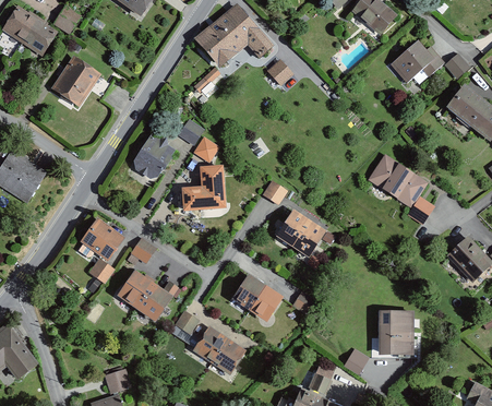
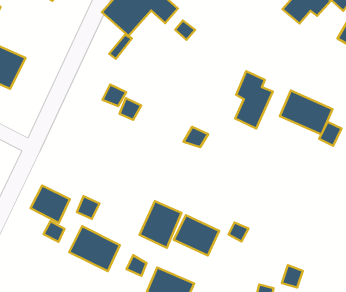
building: none -> [235,71,273,129]
building: [131,134,175,180] -> none
building: [181,165,227,211] -> none
building: [275,210,326,259] -> none
building: none -> [139,201,182,248]
building: [379,311,413,355] -> none

